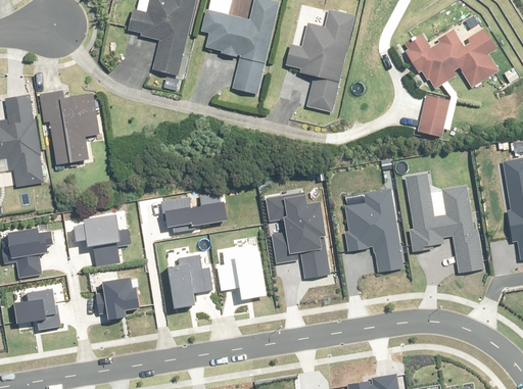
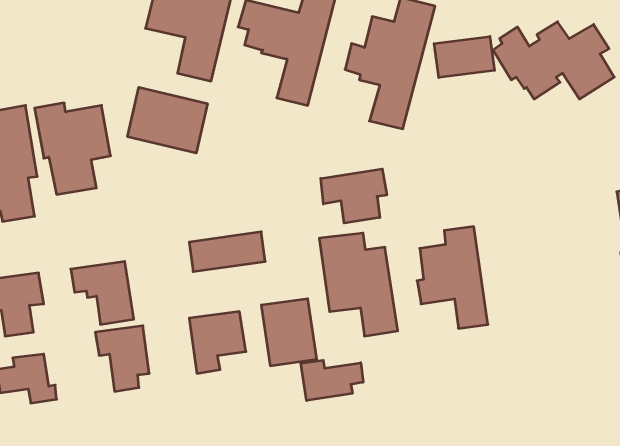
building: none -> [434,36,495,78]
building: none -> [128,87,207,153]
building: [417,94,451,137] -> none
building: none -> [321,169,387,223]
building: [406,173,481,273] -> none
building: none -> [301,360,363,401]

